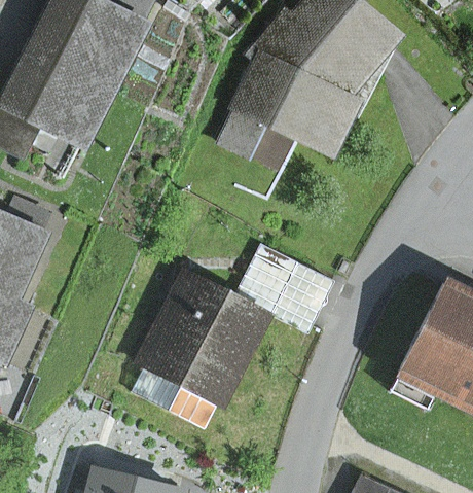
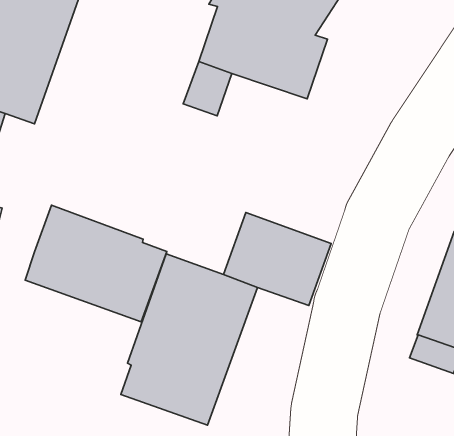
building: none -> [25,205,167,322]

